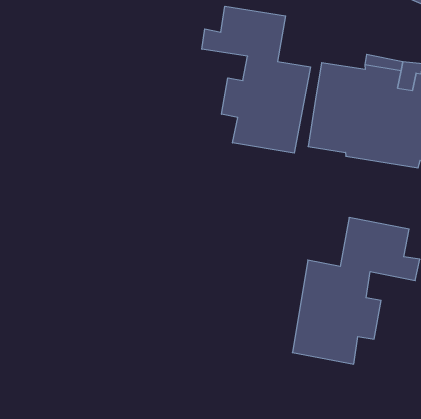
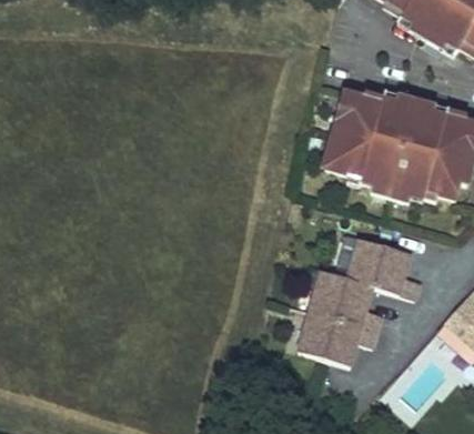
building: [202,6,310,153] -> none

